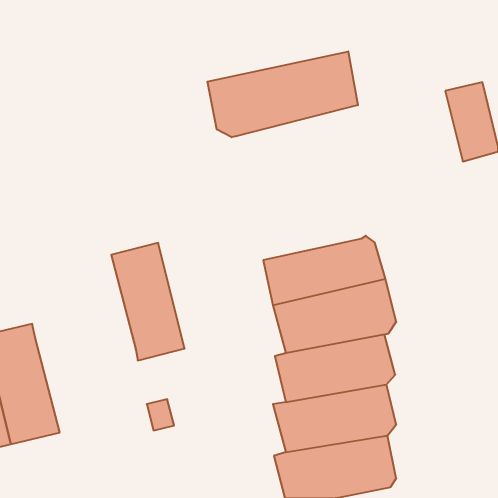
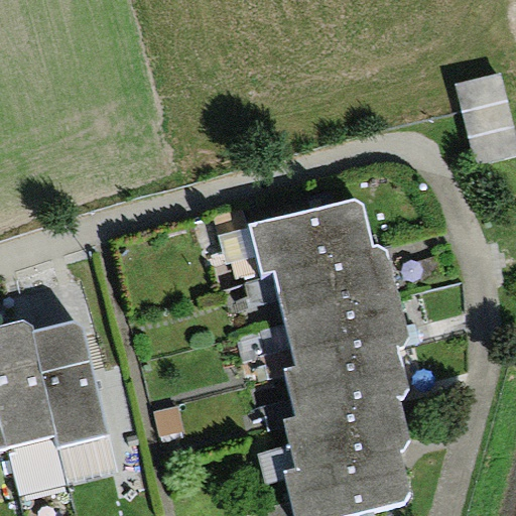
building: [207,51,358,137] -> none
building: none -> [249,199,372,270]
building: [111,243,185,360] -> [36,336,112,457]

